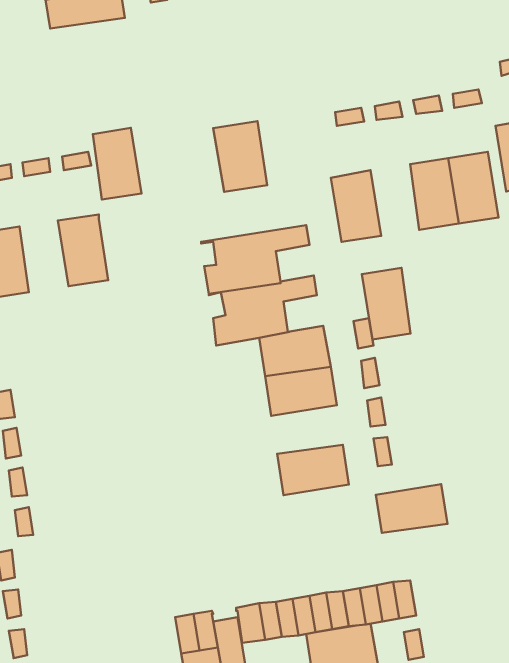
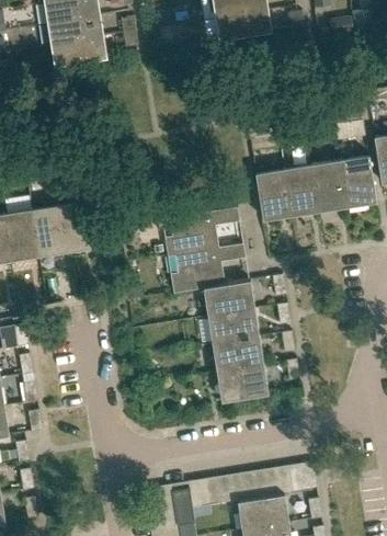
building: [213,121,267,192] -> none
building: [93,128,142,200] -> [32,205,67,256]
building: [362,268,411,340] -> [284,164,319,216]
building: [376,484,447,533] -> [213,338,264,373]

